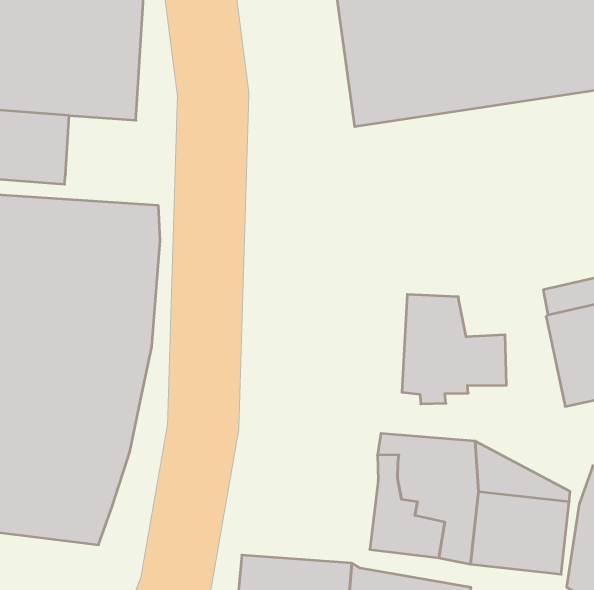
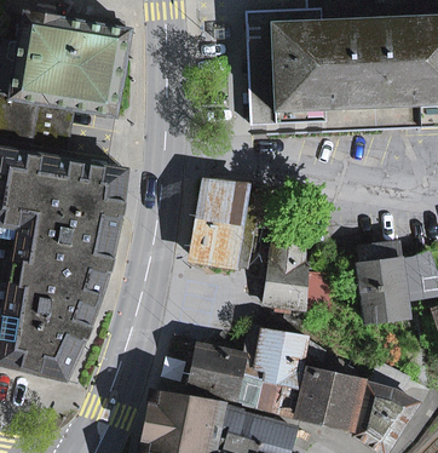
building: none -> [192,179,272,265]
building: none -> [189,345,243,397]

